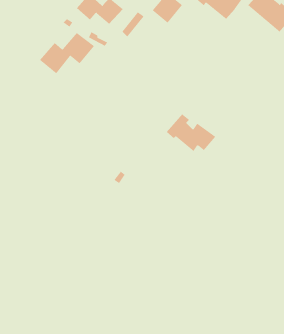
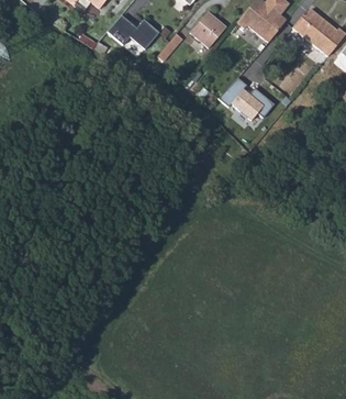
building: [39,32,95,74] -> none
building: [166,114,216,152] -> [220,79,275,121]

